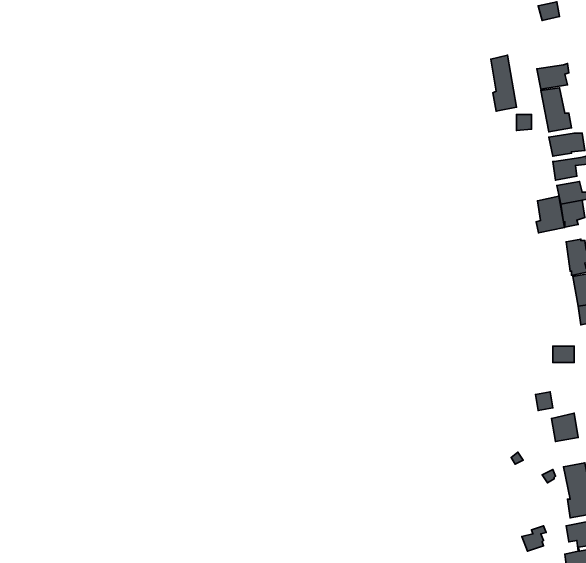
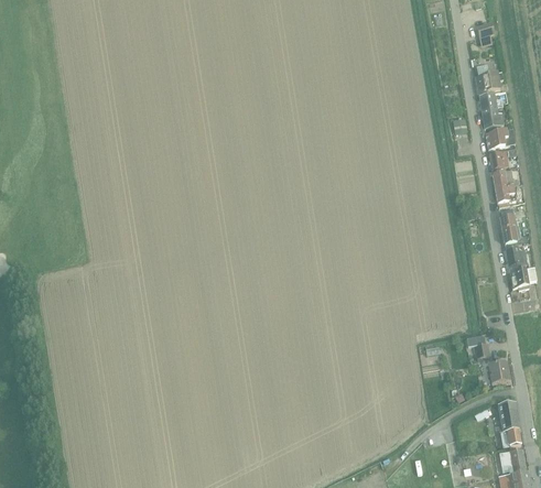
building: [491,55,516,111] -> none
building: [536,196,565,233] -> none

